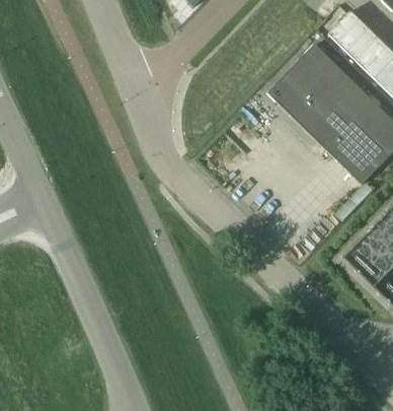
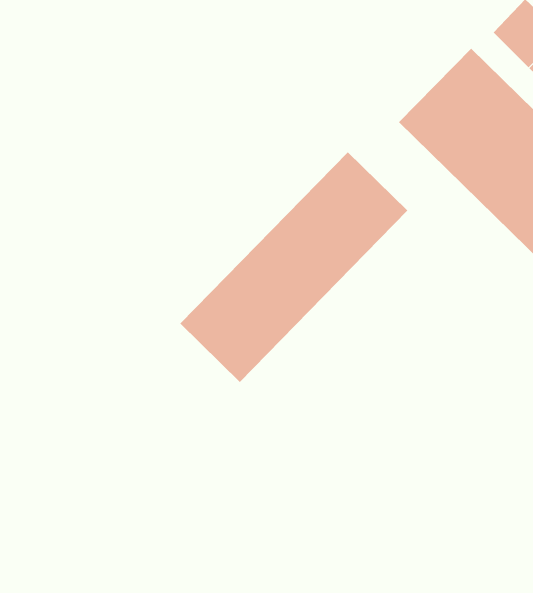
building: none -> [180,151,408,383]

